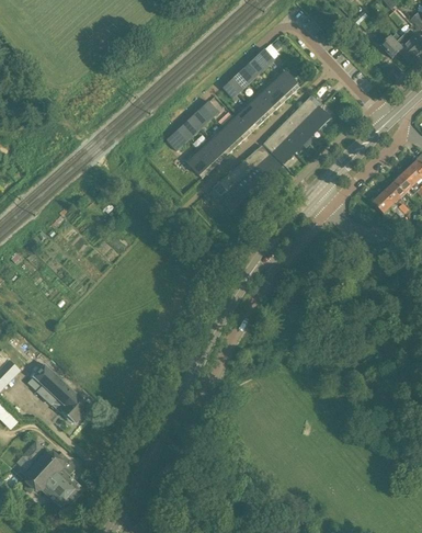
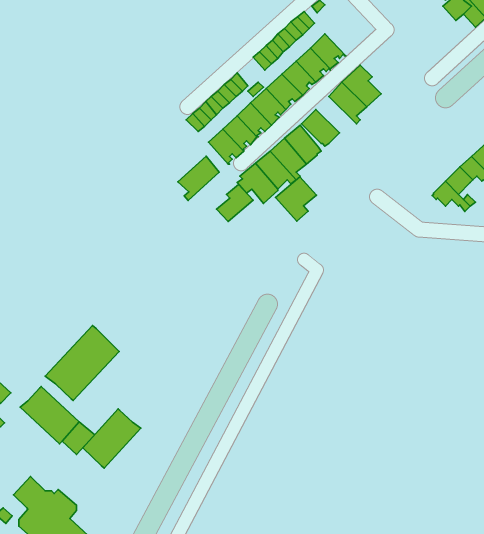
building: [275,120,309,150] -> none
building: none -> [178,156,219,200]
building: none -> [276,177,316,221]
building: none -> [217,184,253,222]
building: none -> [45,325,119,401]
building: none -> [83,409,141,468]

